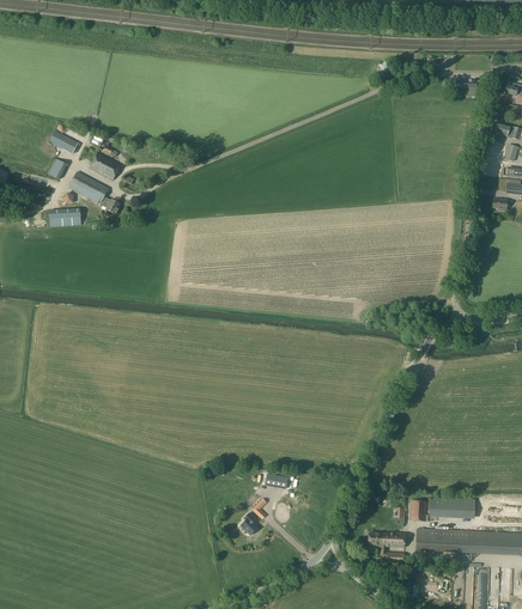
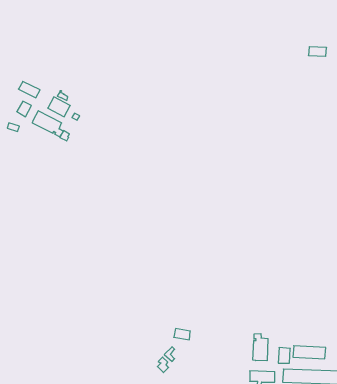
building: [48,207,80,226] -> none
building: none -> [253,334,268,361]

